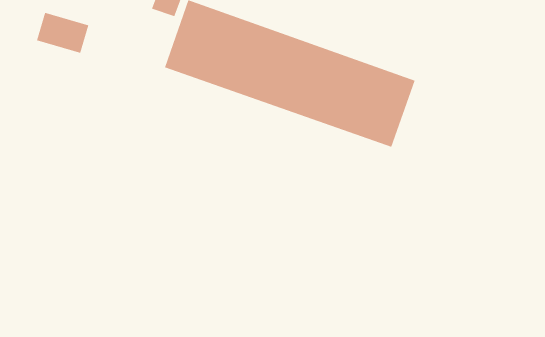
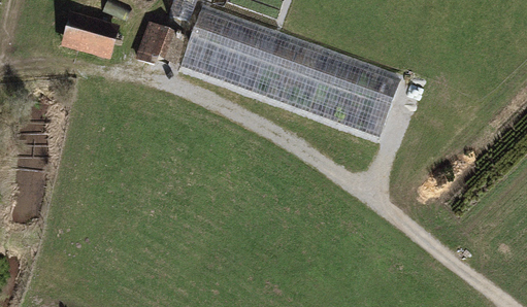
building: none -> [137,23,185,63]

